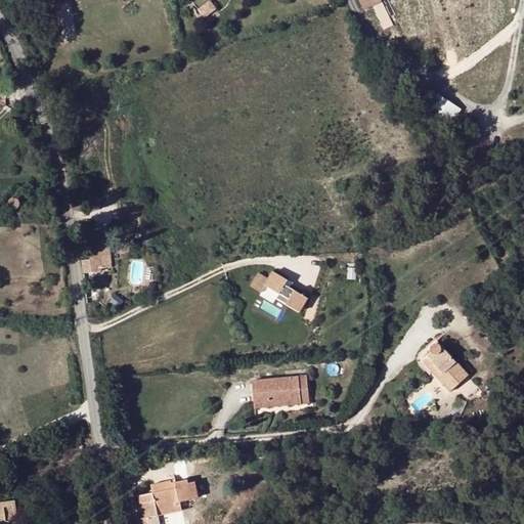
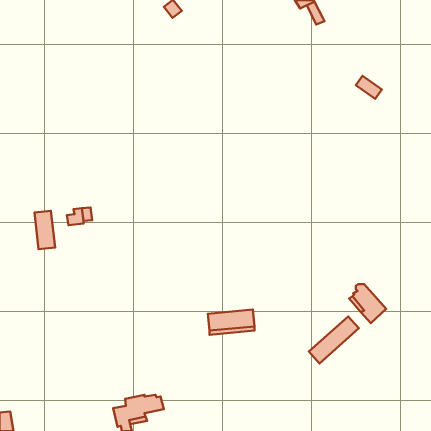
building: none -> [35,211,55,249]
building: [249,271,307,312] -> none
building: none -> [309,316,359,364]

